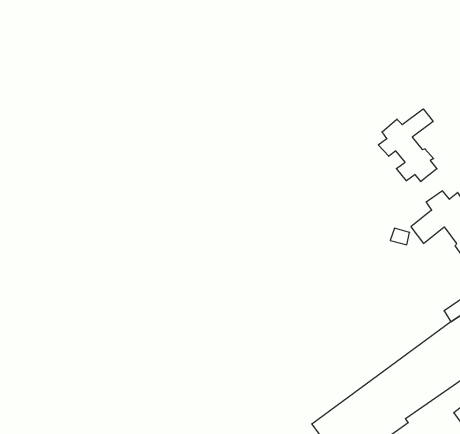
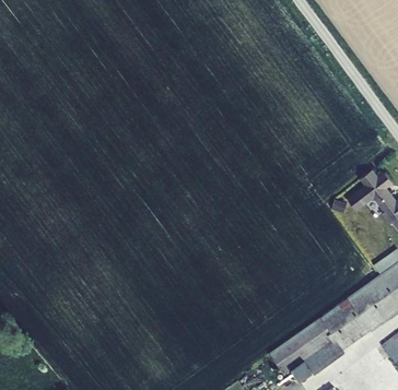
building: [378,109,437,182] -> none

